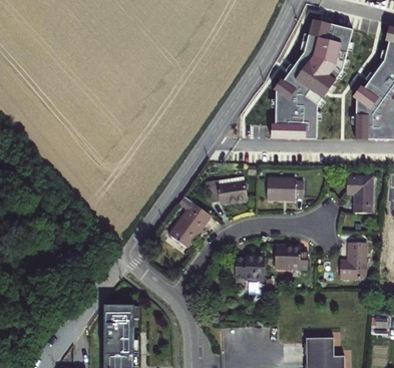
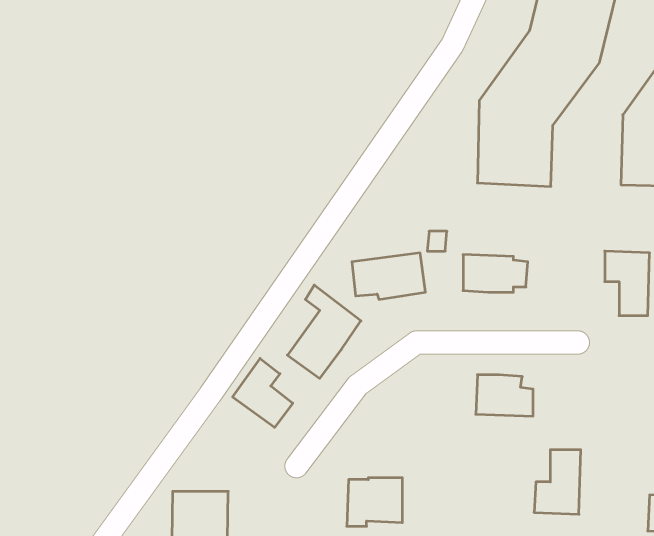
building: none -> [233,358,293,427]
building: [339,242,365,278] -> [534,450,581,514]
building: [234,255,265,282] -> [347,478,402,526]

